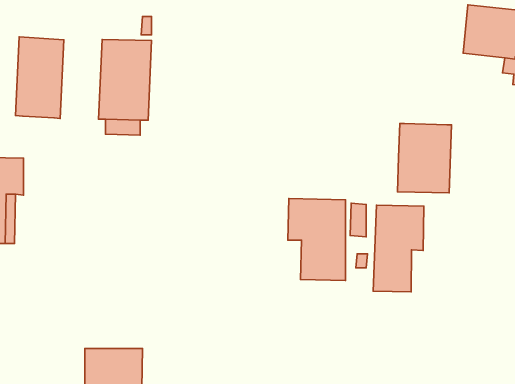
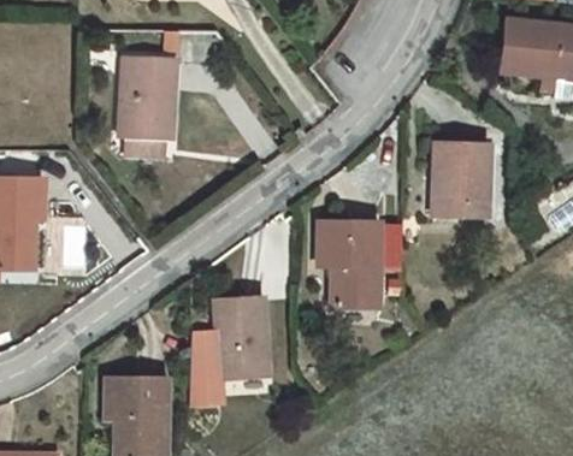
building: [16,37,64,118] -> none
building: [373,205,424,292] -> none
building: none -> [191,297,267,403]

